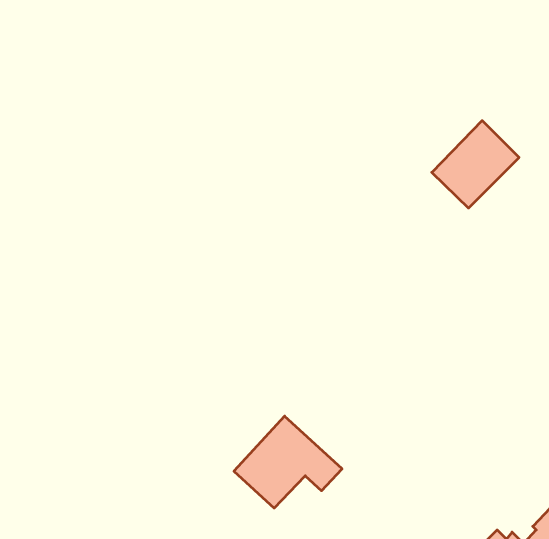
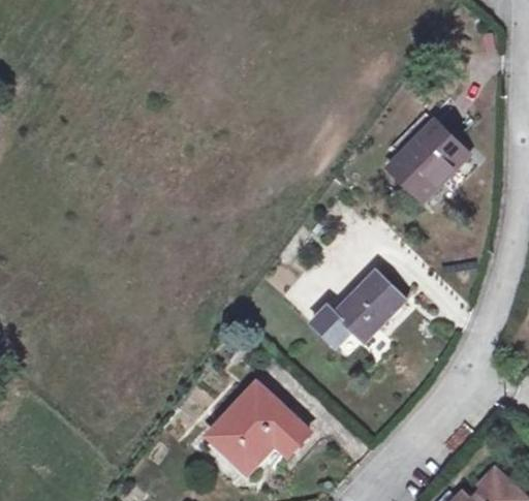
building: none -> [311,271,405,358]

